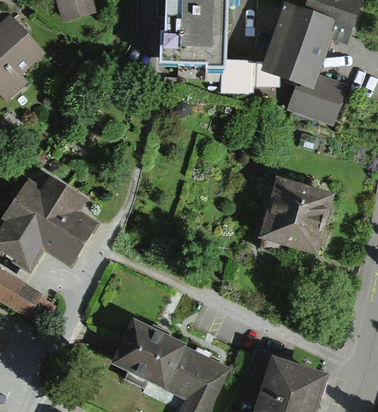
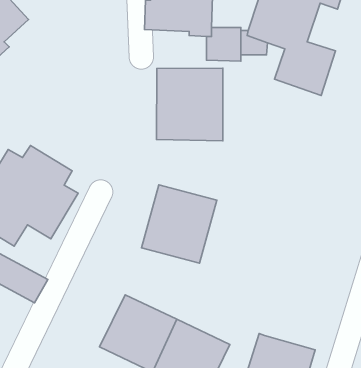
building: none -> [156,68,223,141]
building: [261,176,335,253] -> [142,185,217,263]

